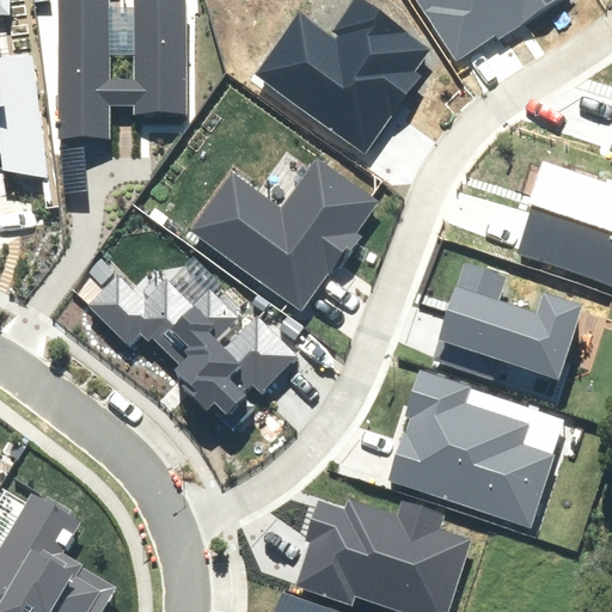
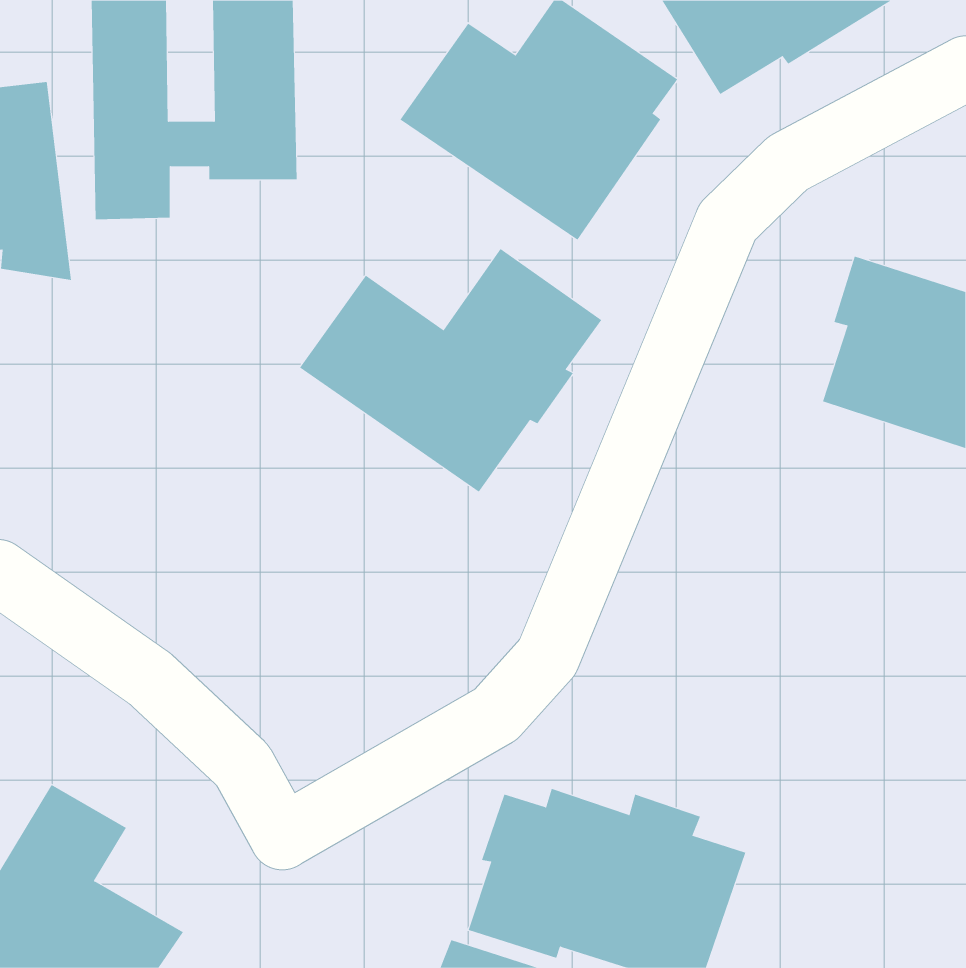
building: [433,263,581,398] -> none
building: [86,275,299,427] -> none
building: [387,371,552,526] -> none

